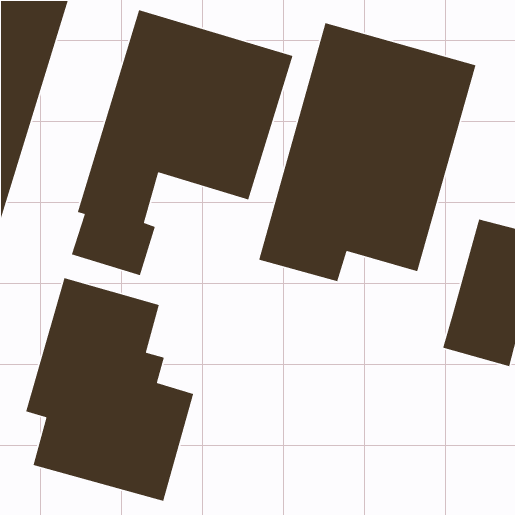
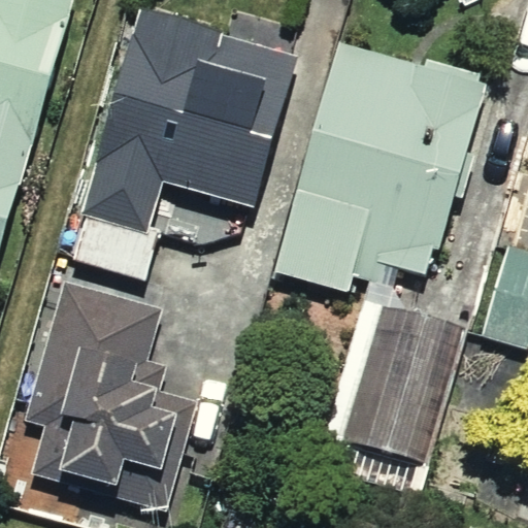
building: none -> [306,290,463,466]

